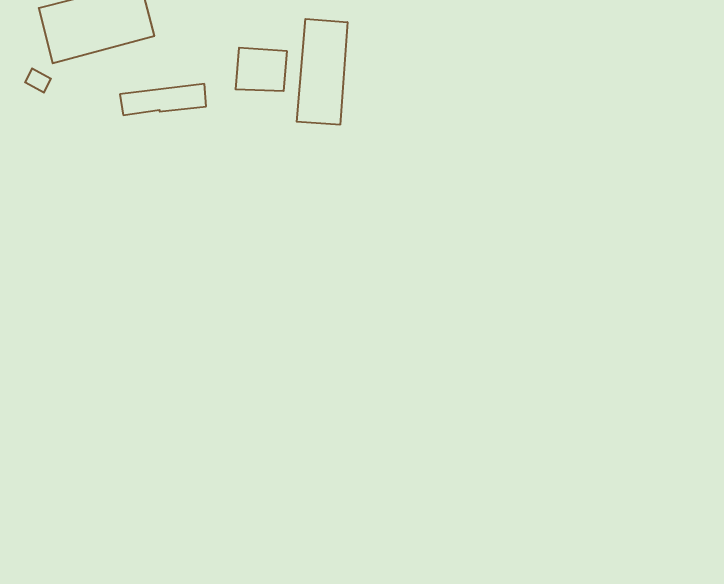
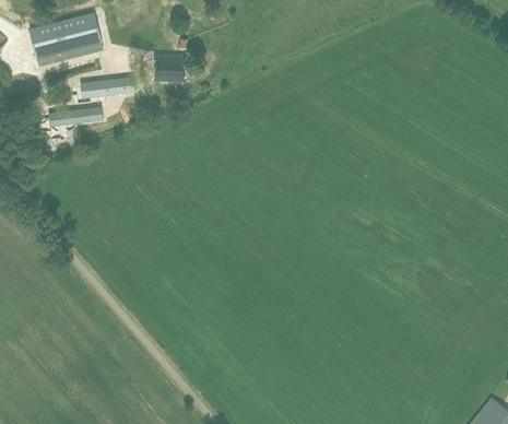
building: [297,19,347,125] -> none
building: none -> [43,106,103,134]

